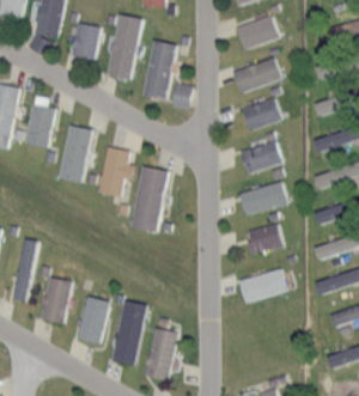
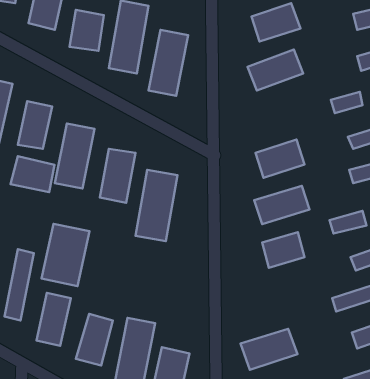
building: [242,97,281,130] -> none
building: none -> [11,156,55,192]
building: none -> [41,224,90,286]
building: [238,268,290,305] -> [241,329,297,370]

